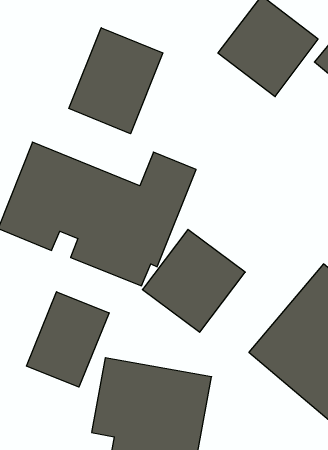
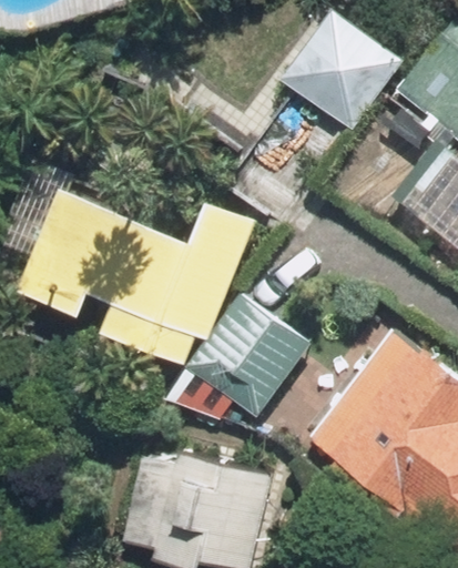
building: [69,28,163,134] -> none
building: [26,292,109,387] -> none

